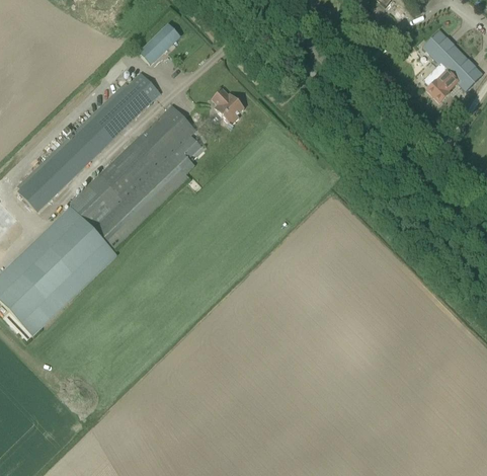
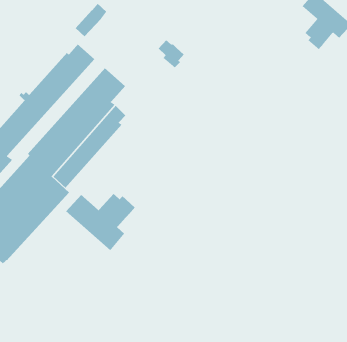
building: [212,87,244,124] -> [158,40,184,68]
building: none -> [65,193,136,251]

